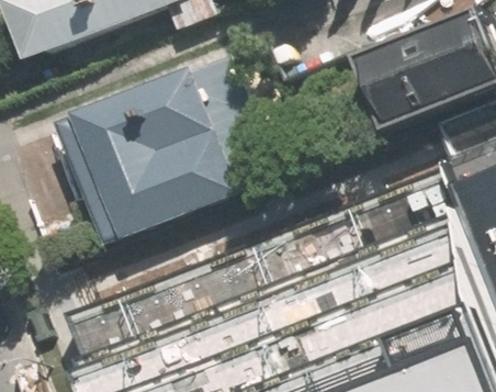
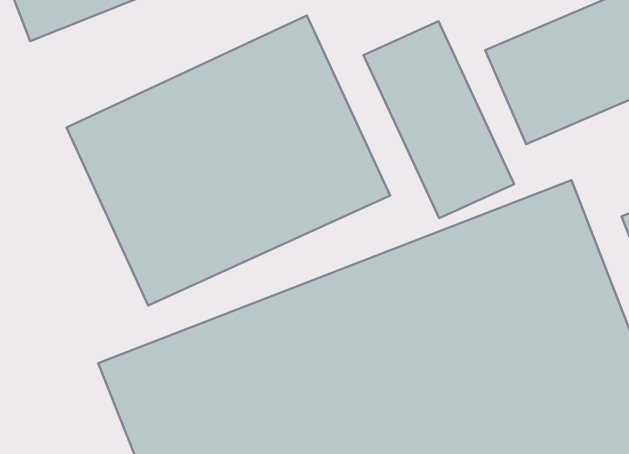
building: none -> [364,21,514,218]

